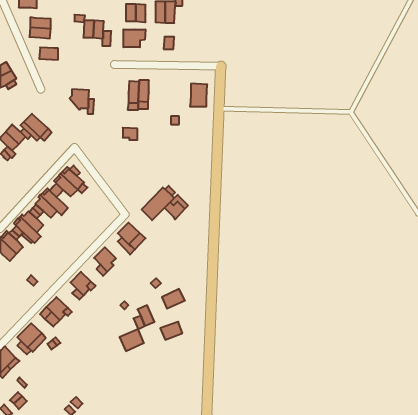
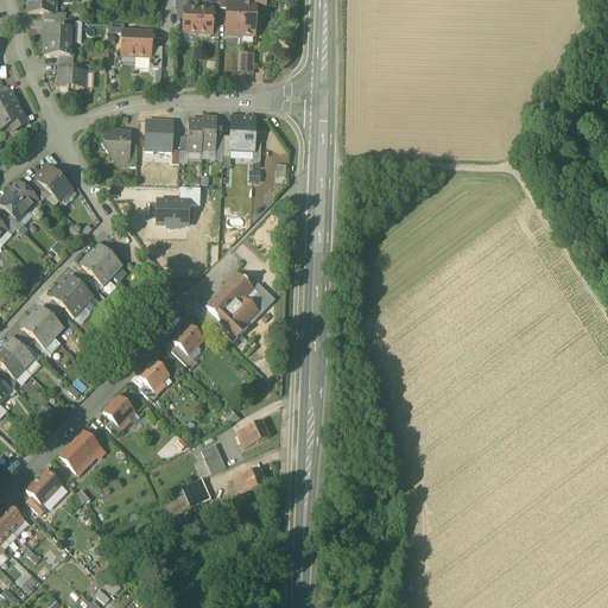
building: [123,29,145,47] -> none
building: none -> [144,118,172,151]
building: [190,84,207,107] -> [229,116,254,150]
building: none -> [156,198,188,226]
building: none -> [216,302,252,340]

